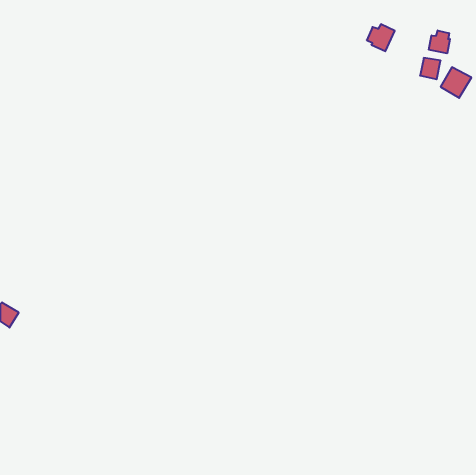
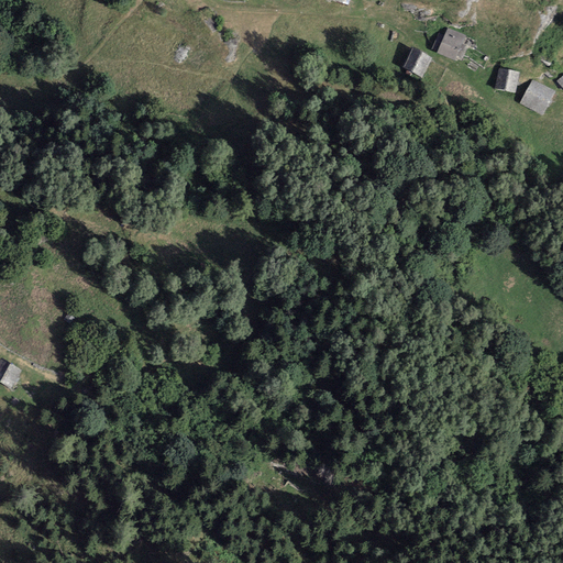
building: [429,30,450,53] -> none
building: none -> [401,48,431,77]

